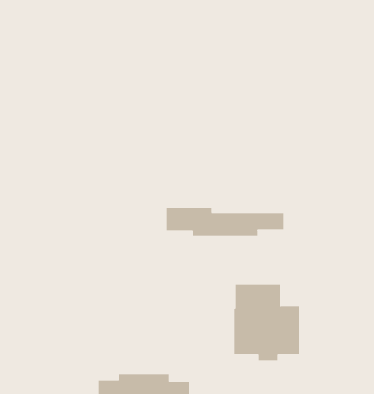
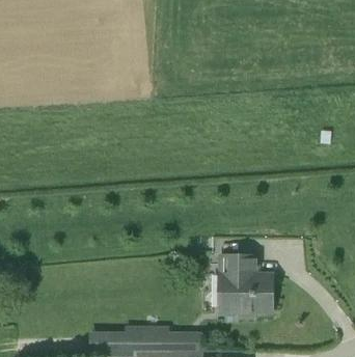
building: [166,207,284,237] -> none

